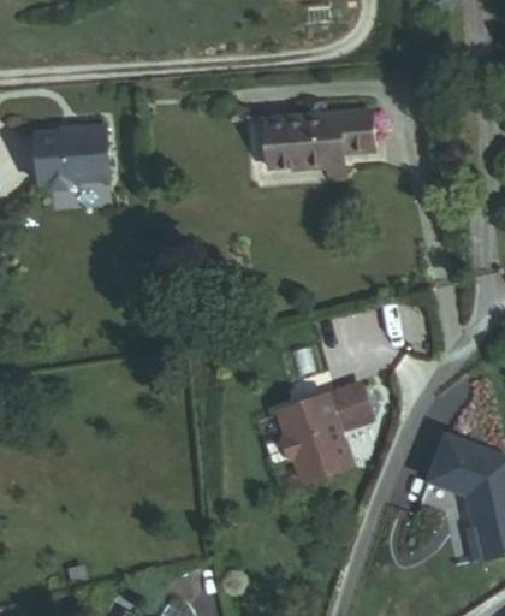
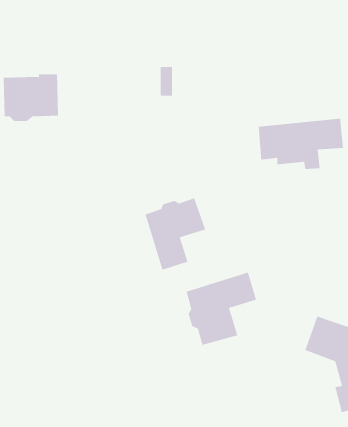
building: [266,113,376,179] -> [258,118,344,170]
building: none -> [145,198,206,271]

